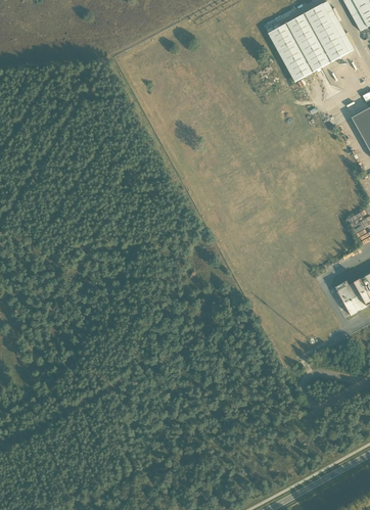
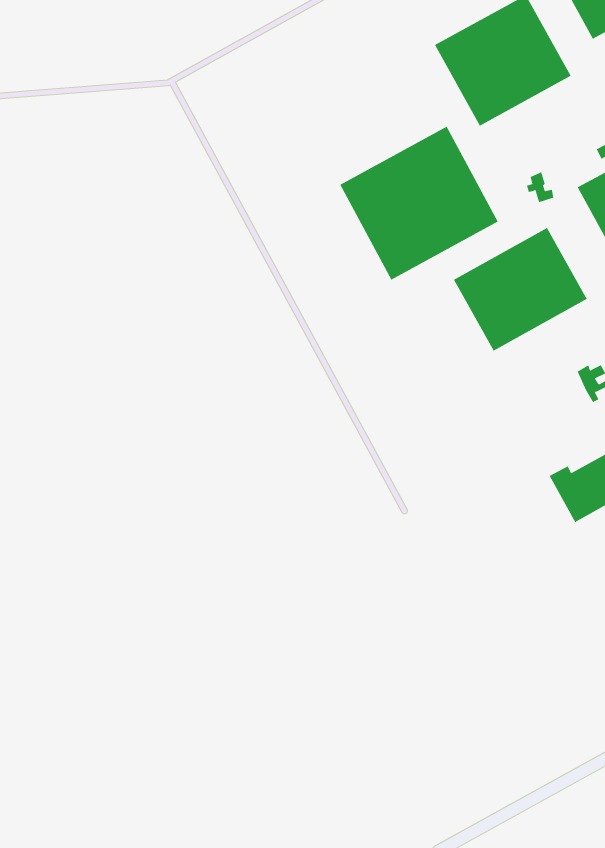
building: none -> [339,126,499,280]
building: none -> [453,227,587,352]

